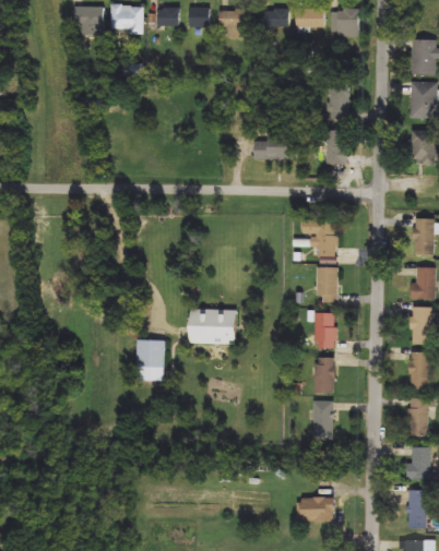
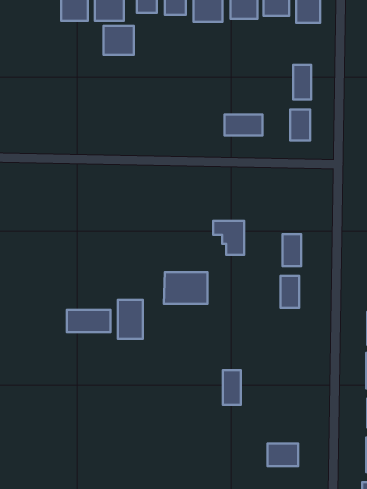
building: none -> [103,26,134,55]
building: [302,219,336,256] -> [213,221,244,255]
building: none -> [67,310,111,332]
building: [313,357,333,393] -> none
building: [313,400,333,439] -> [223,370,241,405]

